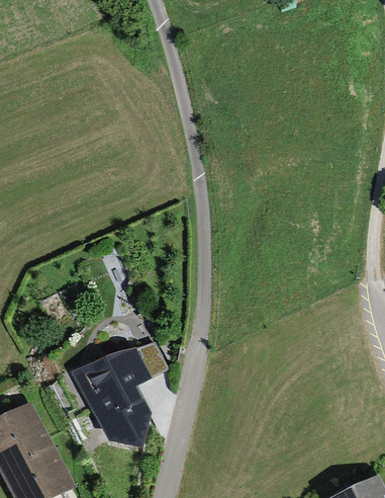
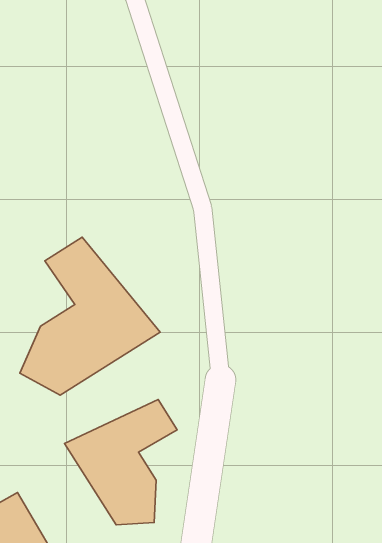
building: none -> [20,237,160,395]

